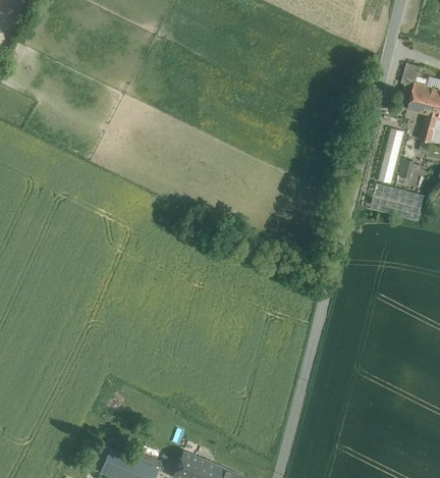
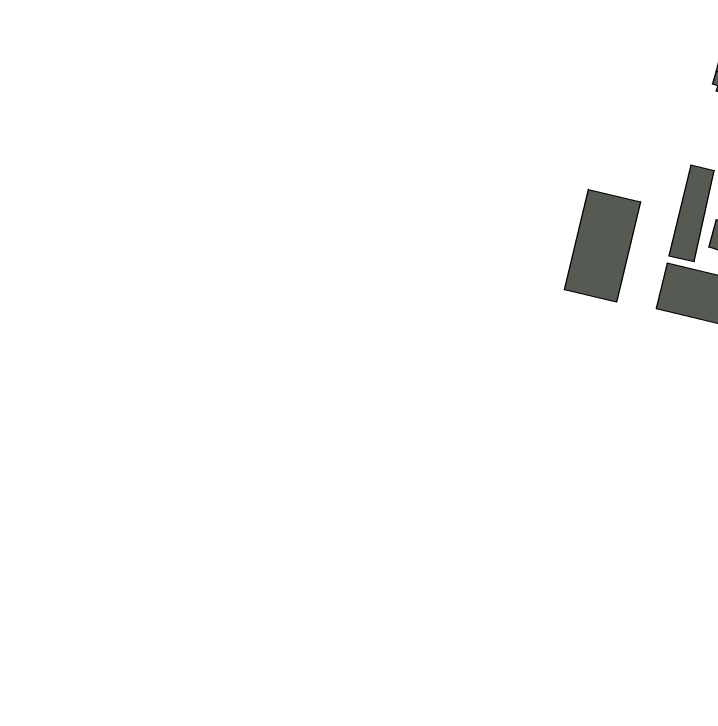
building: none -> [564,189,640,302]

